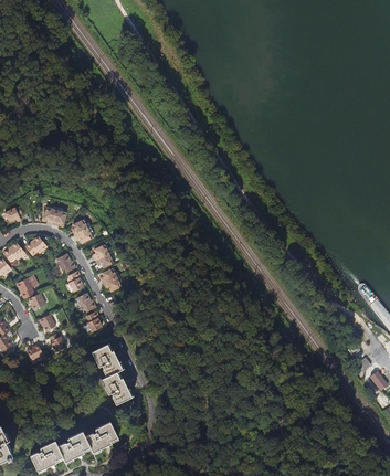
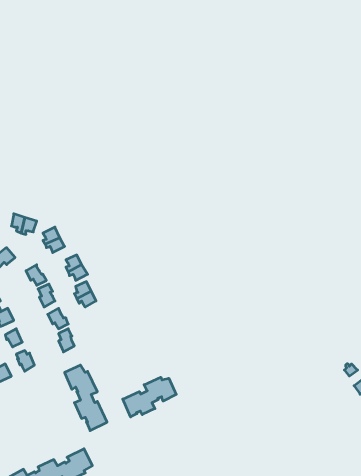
building: none -> [123,377,176,417]

